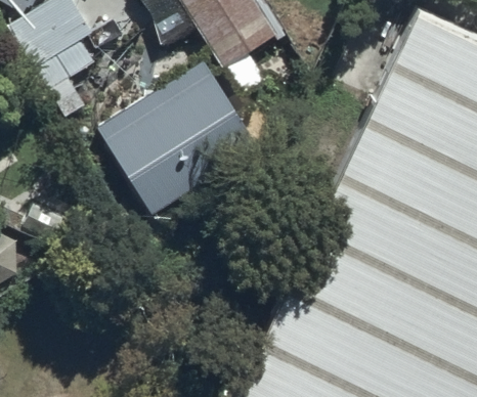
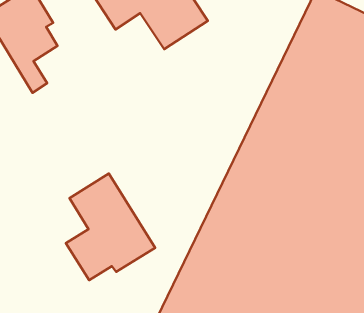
building: [100,63,258,215] -> none
building: none -> [66,173,155,280]

